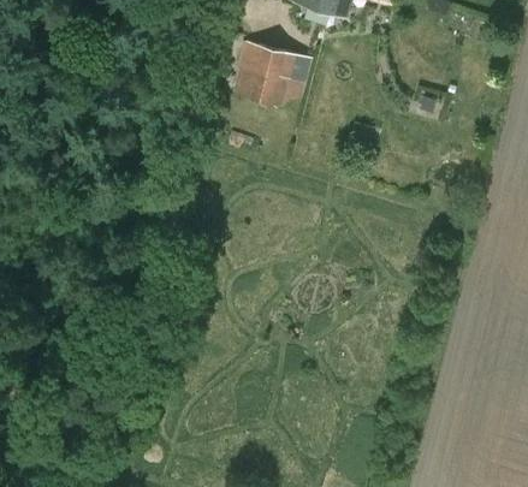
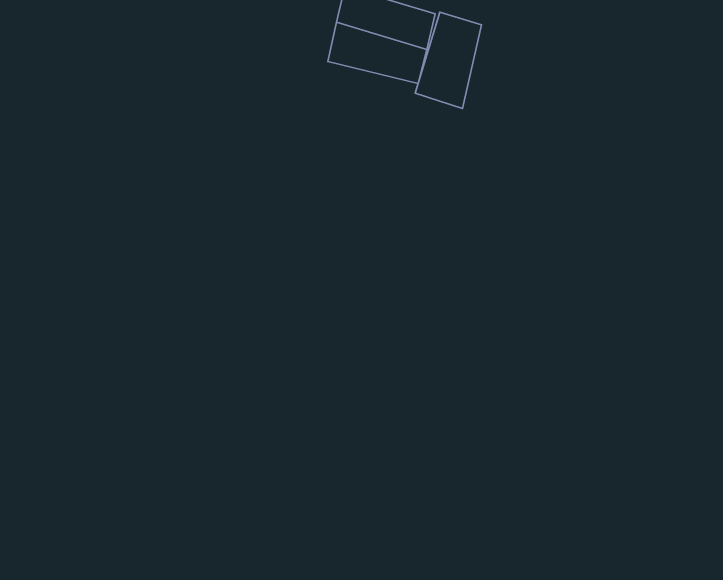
building: none -> [415,12,481,108]

